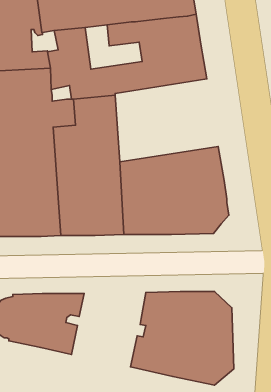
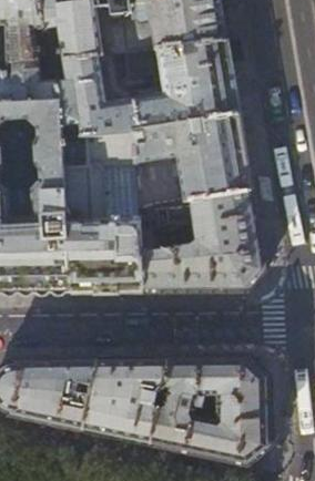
building: none -> [133,109,252,204]
building: none -> [83,354,169,439]

